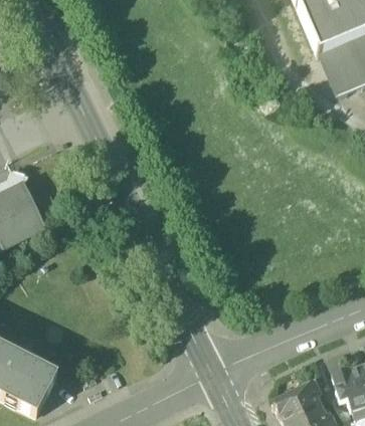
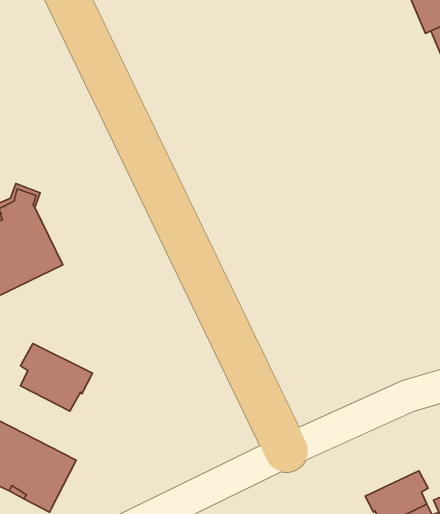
building: none -> [20,343,93,411]

